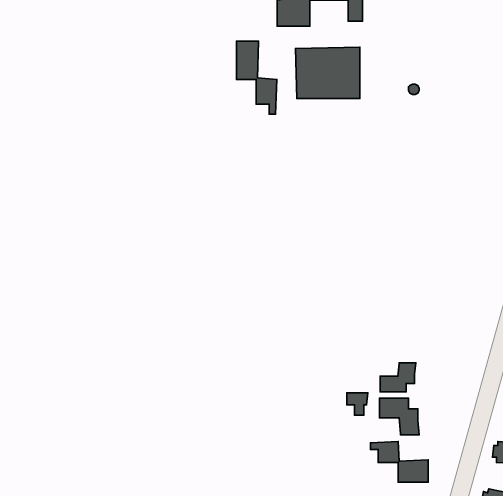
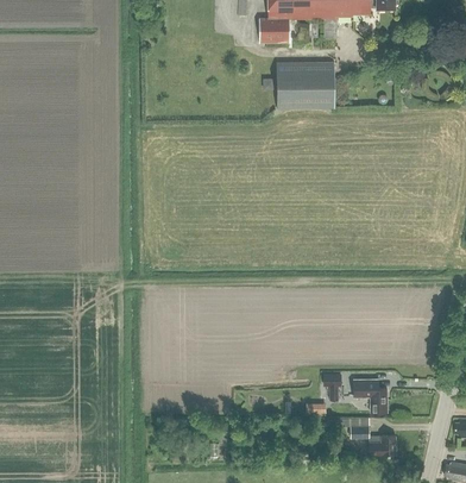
building: [237,41,277,114] -> none
building: [380,363,416,392] -> none

